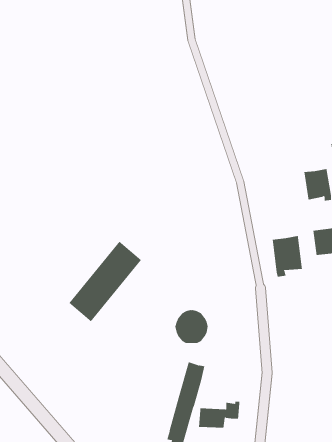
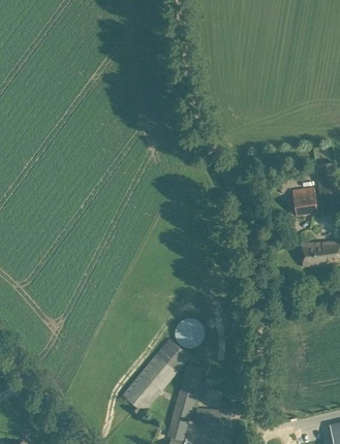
building: [272,235,302,277] -> none
building: [68,241,142,322] -> [122,338,189,412]

